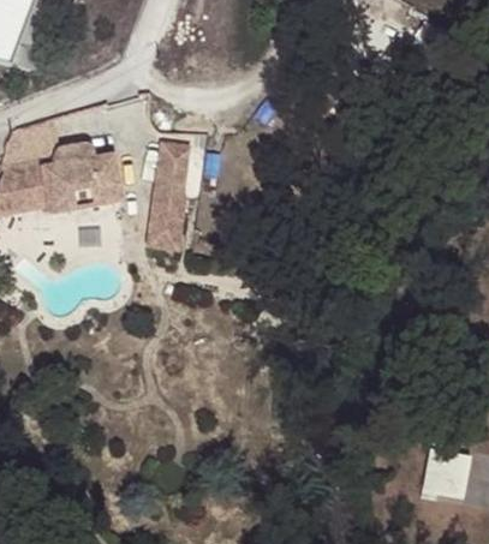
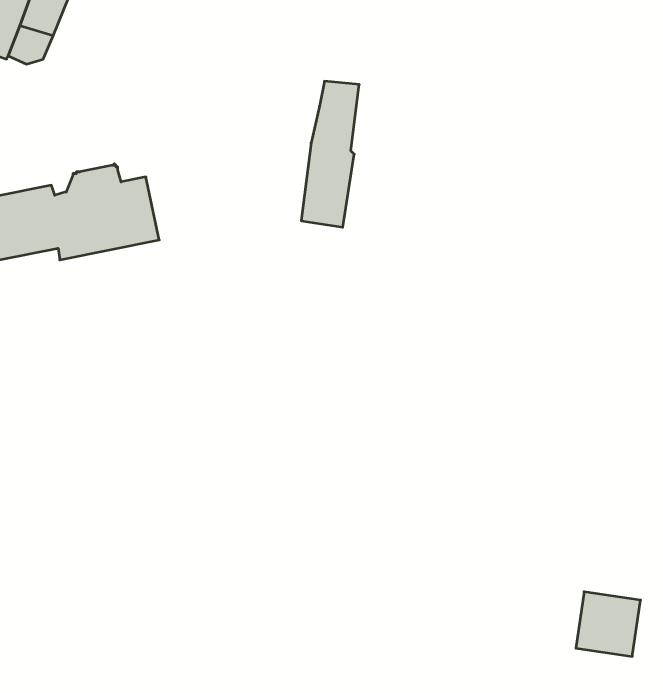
building: [147,144,189,250] -> [301,81,359,227]

